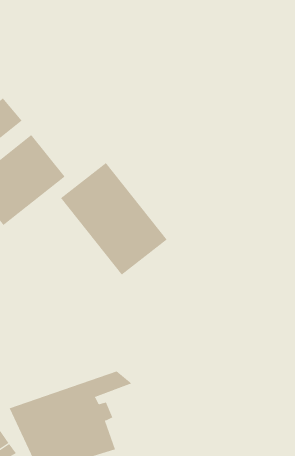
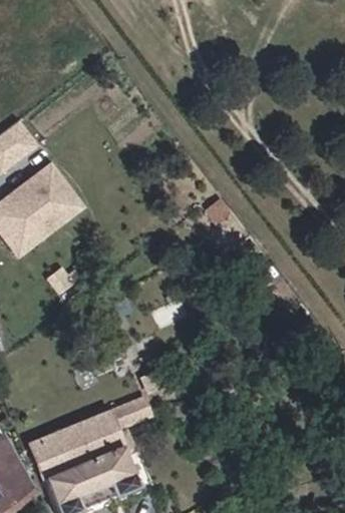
building: [60,162,168,276] -> none

